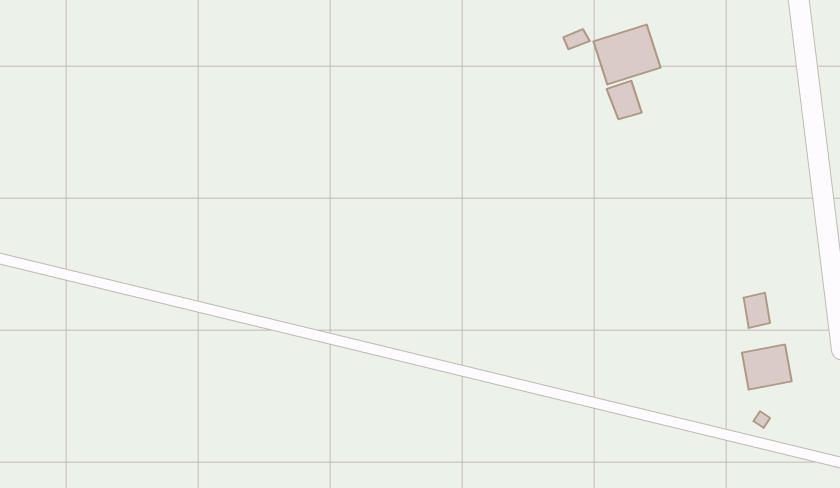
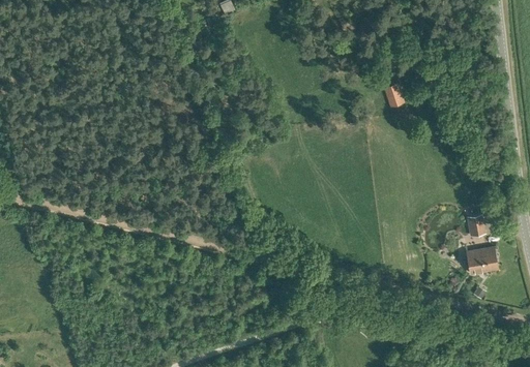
building: [593,24,661,85] -> none

